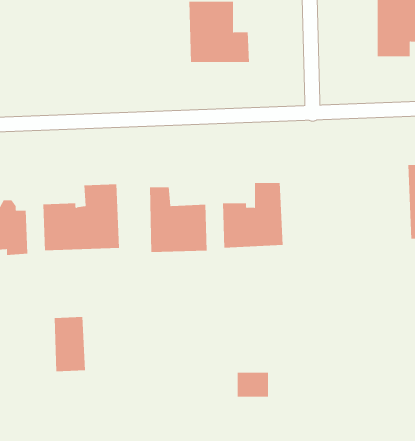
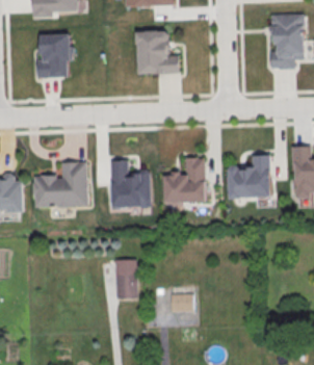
building: none -> [37,34,72,78]
building: none -> [228,155,272,199]
building: [54,316,86,372] -> [114,259,137,298]

